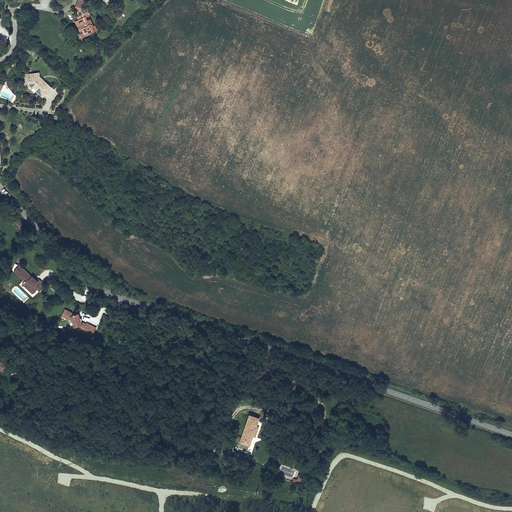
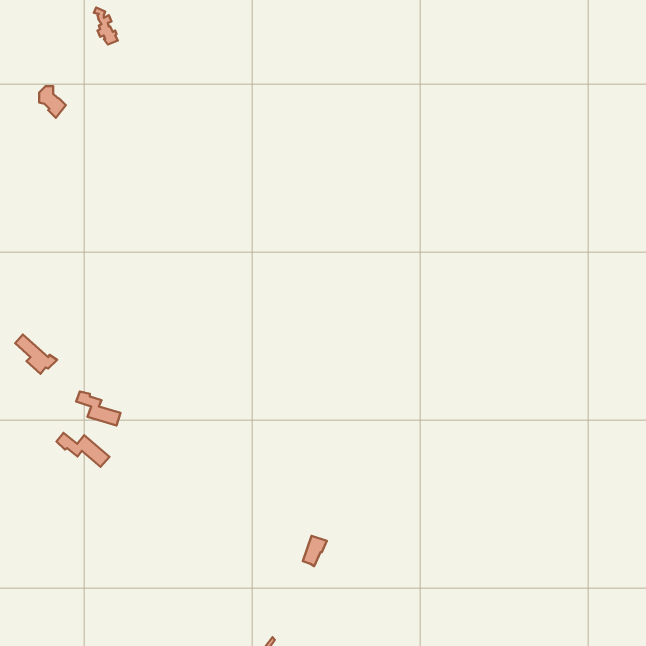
building: none -> [57,433,110,467]

